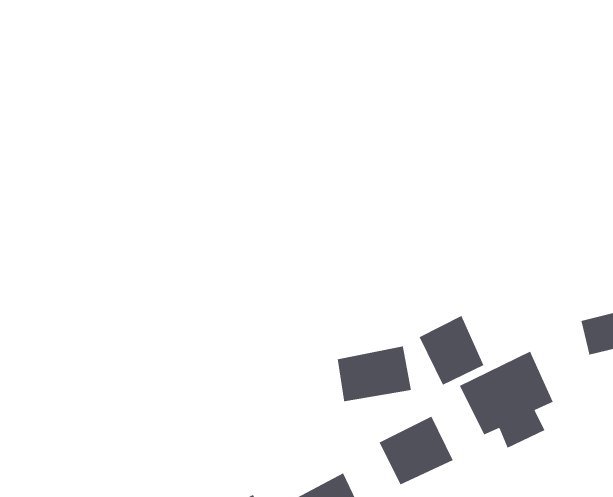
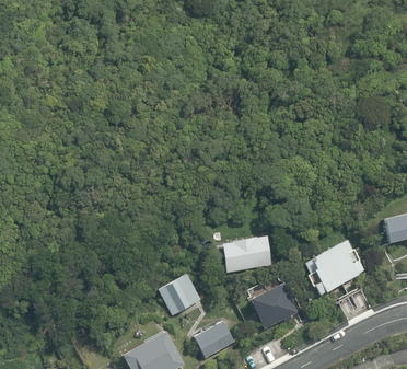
building: [418,315,484,386] -> none
building: none -> [156,273,203,318]

